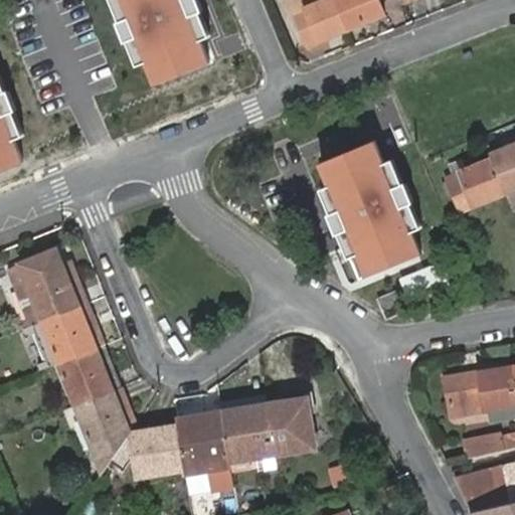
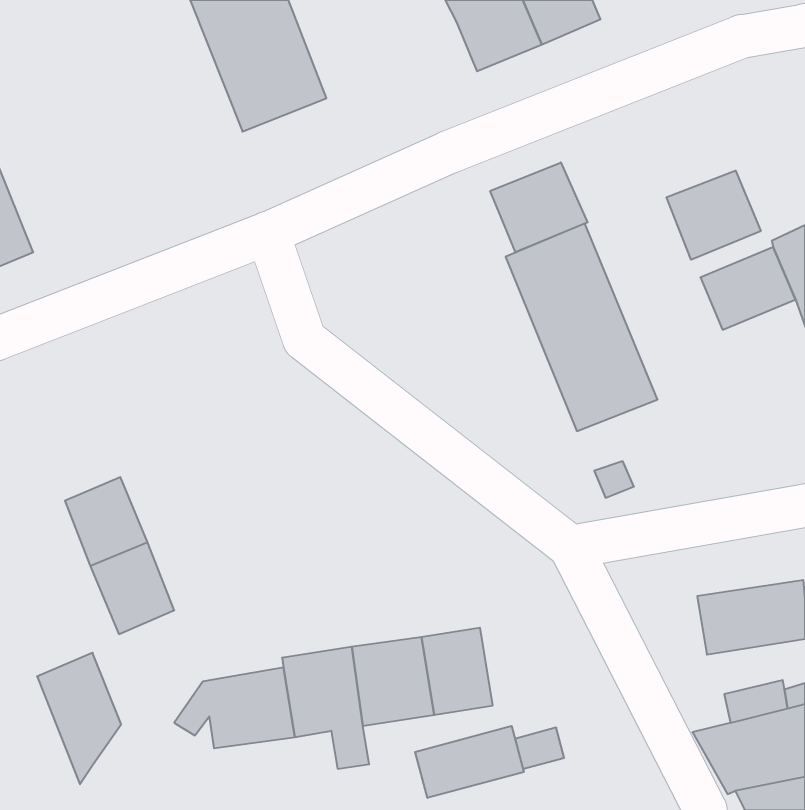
building: none -> [490,162,588,252]
building: none -> [666,171,761,260]
building: [12,247,76,323] -> none
building: [75,387,129,471] -> [37,653,121,784]
building: none -> [415,726,524,798]

